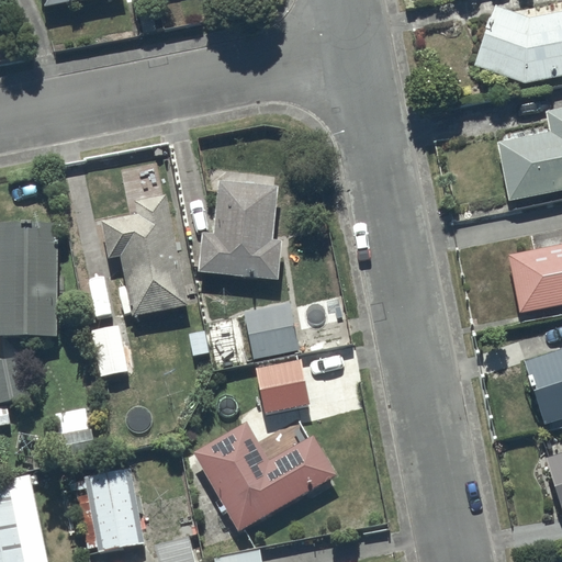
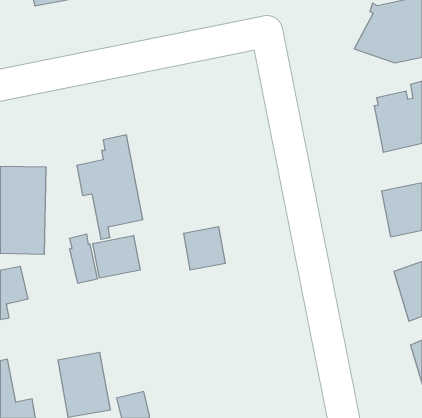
building: [200,179,283,281] -> none
building: none -> [93,235,140,278]
building: [248,352,311,418] -> none
building: [193,420,337,531] -> none

